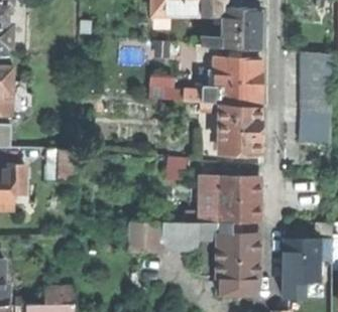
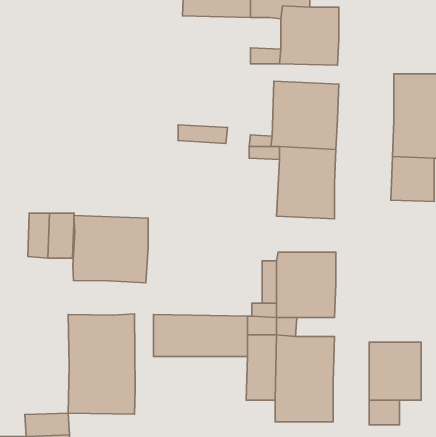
building: none -> [73,216,148,283]
building: none -> [68,314,135,414]

